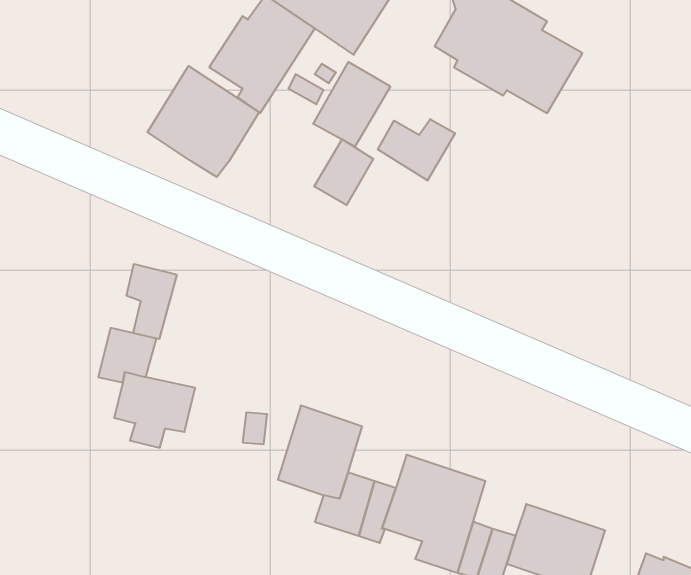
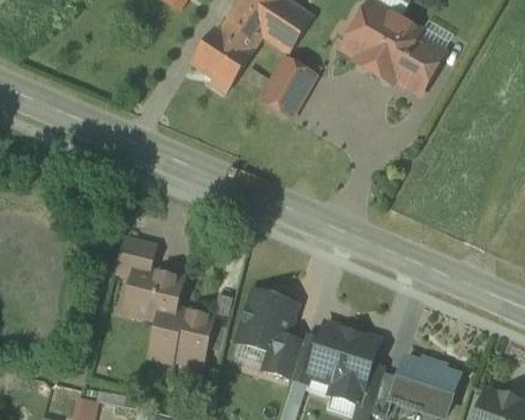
building: [148,66,259,177] -> none
building: [378,119,455,181] -> none
building: [314,139,373,205] -> none
building: [126,264,177,339] -> none
building: none -> [150,305,211,367]

